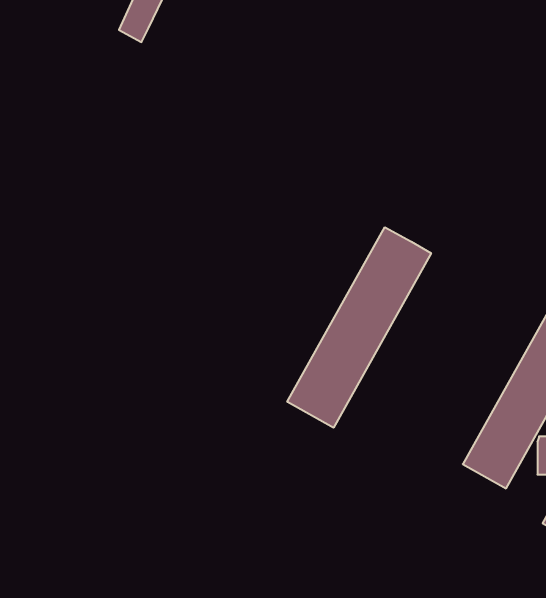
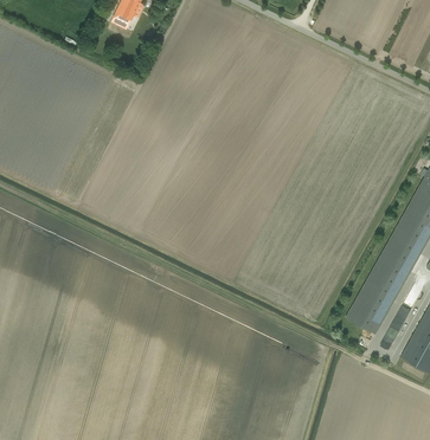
building: [287,227,431,428] -> none

